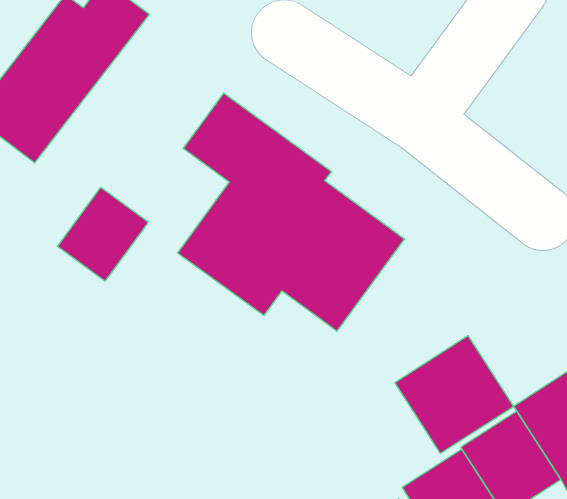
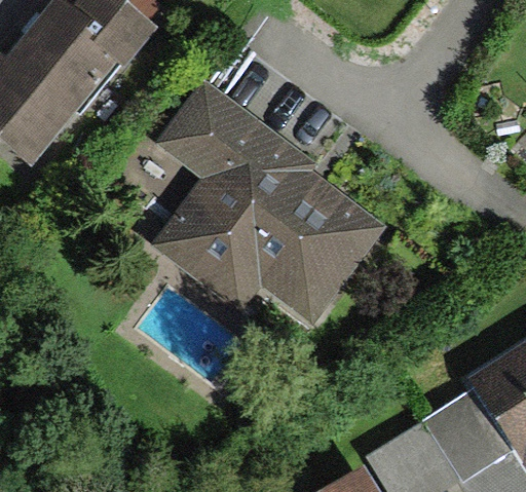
building: [58,187,148,281] -> none
building: [395,336,514,454] -> none

